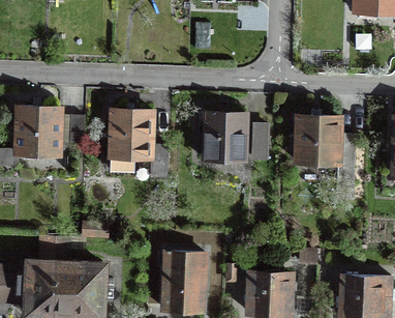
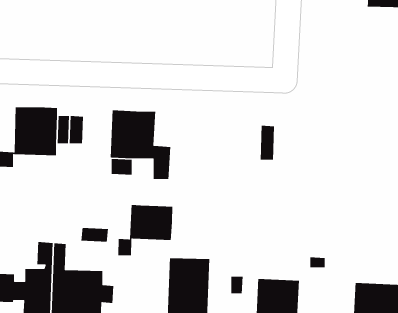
building: [203,113,246,161] -> none
building: [296,116,354,200] -> none
building: none -> [118,204,173,256]

